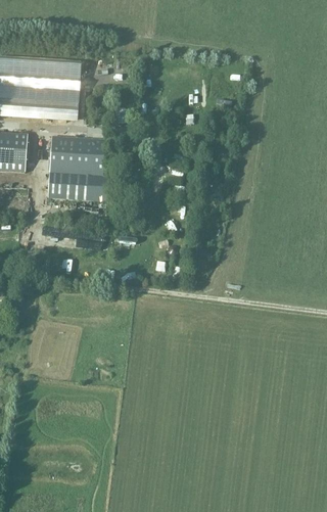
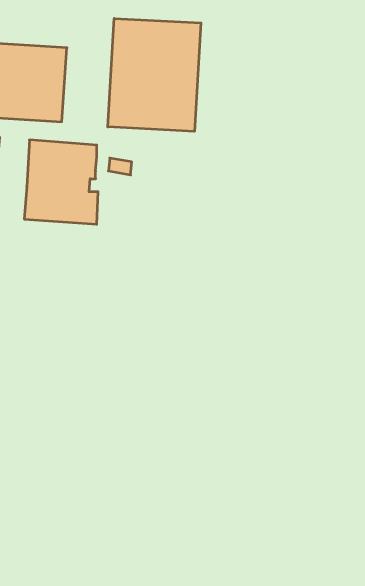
building: none -> [108,18,201,131]

